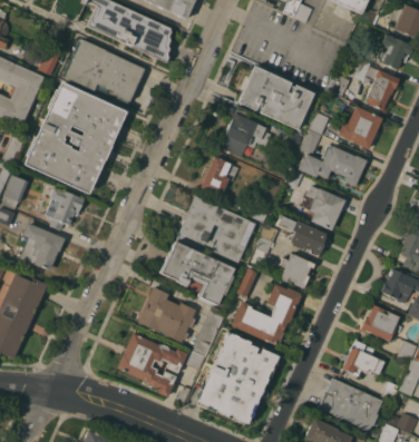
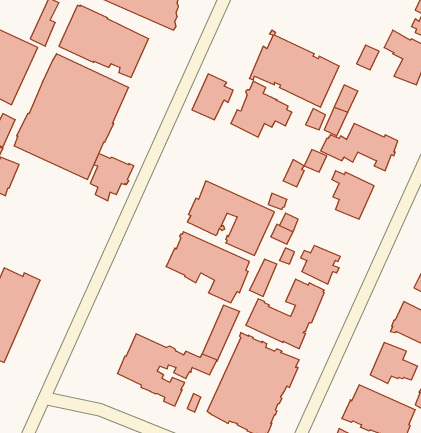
building: [338,106,382,150] -> none
building: [201,156,237,197] -> [192,74,233,120]
building: [46,188,85,230] -> [90,153,134,201]
building: [277,215,325,257] -> none
building: [20,223,65,272] -> none
building: [136,287,196,343] -> none

